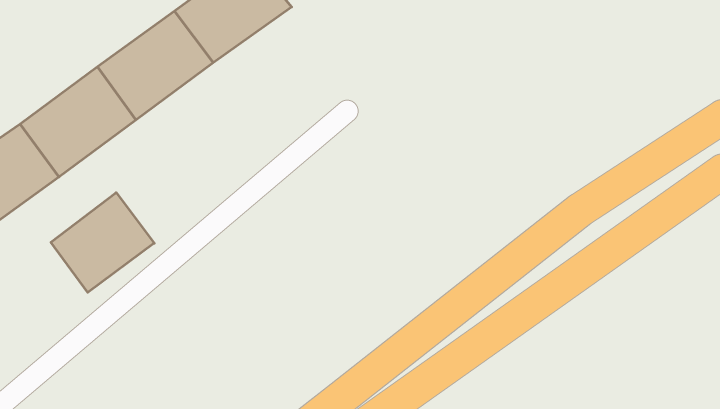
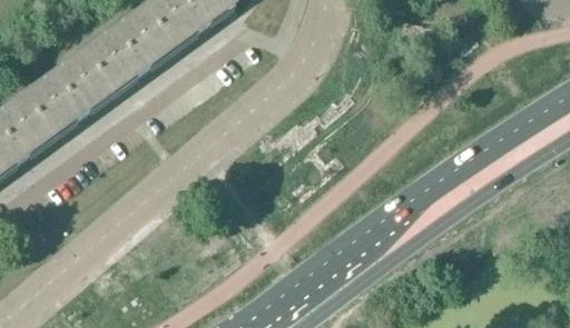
building: [51,193,154,292] -> none

